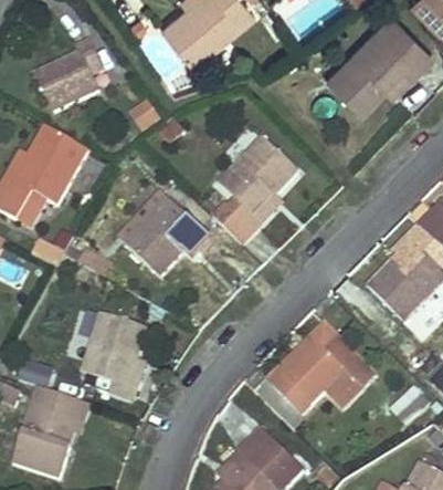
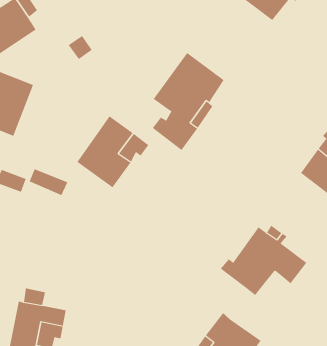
building: [81,311,149,400] -> none

